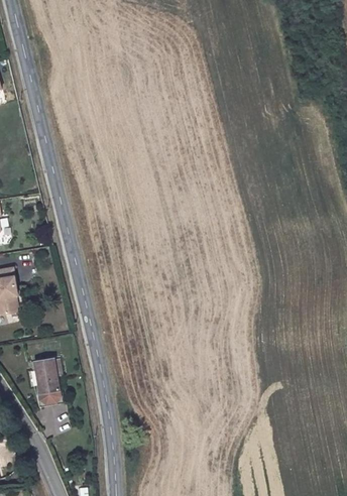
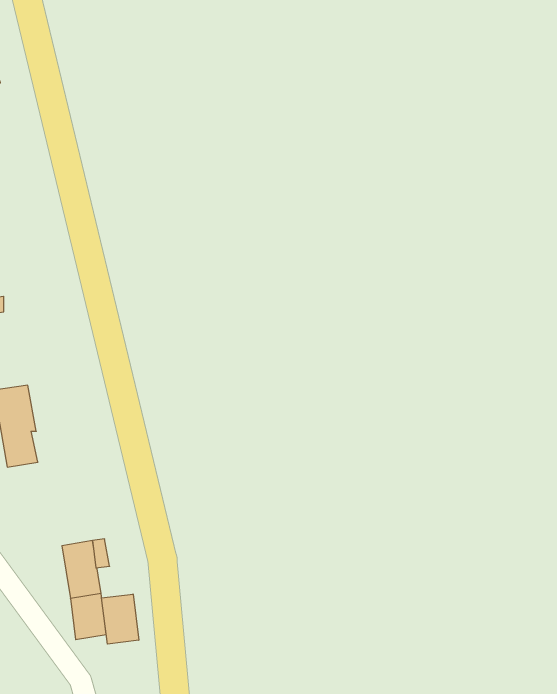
building: none -> [102,594,139,644]

